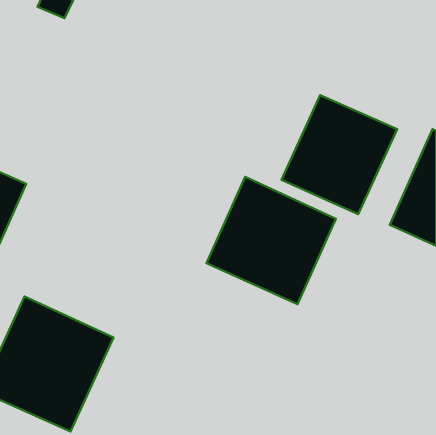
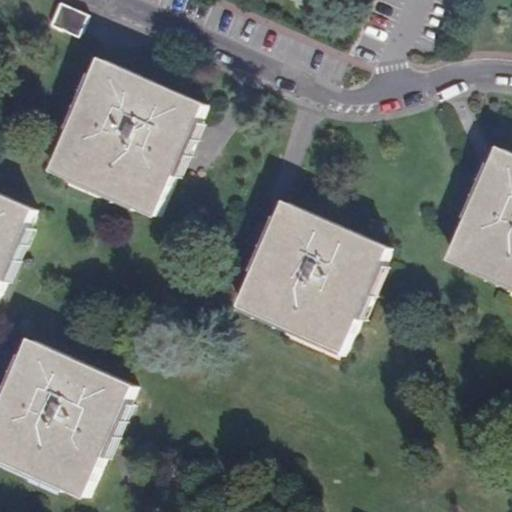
building: none -> [47,58,199,214]
building: [282,95,397,214] -> none

